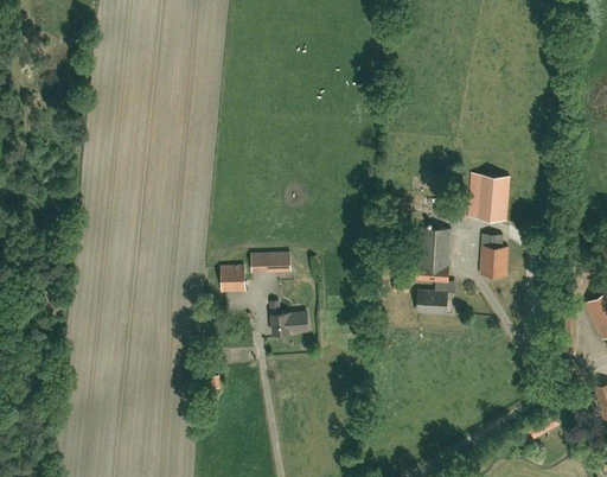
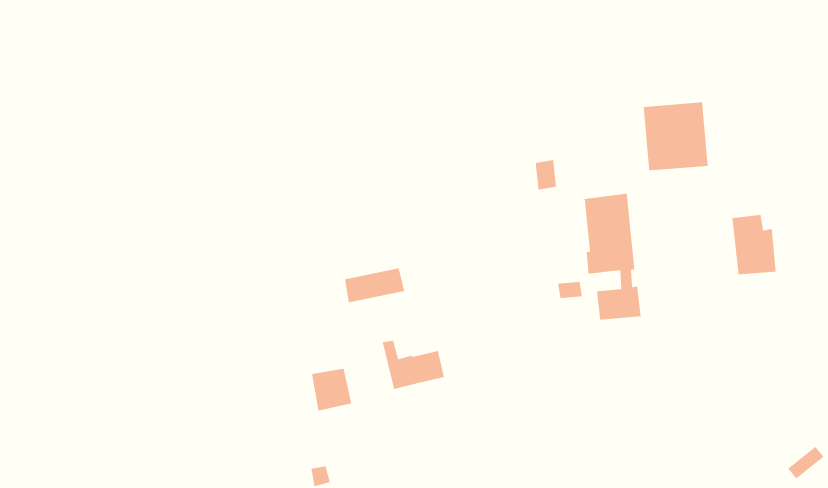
building: [480,235,509,276] -> [731,214,777,275]
building: [222,266,245,292] -> [311,368,352,411]

